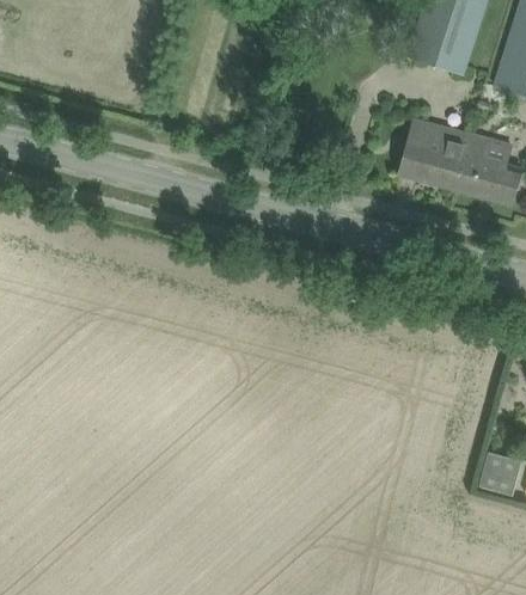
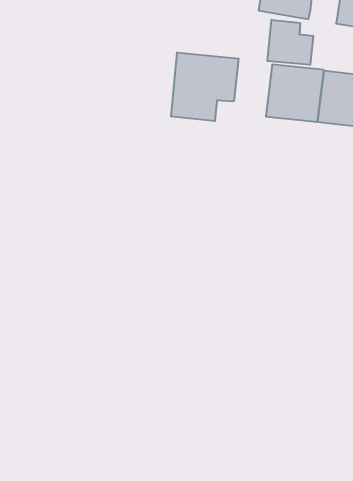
building: none -> [267,20,313,65]
building: none -> [171,52,239,121]

